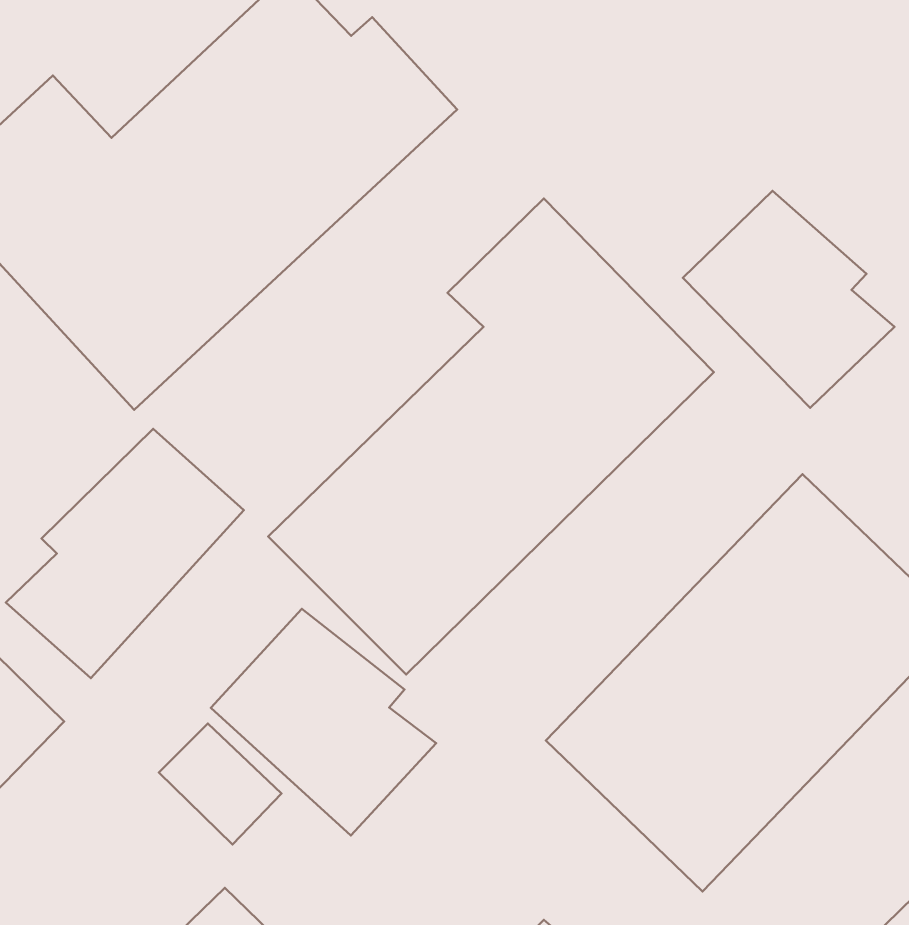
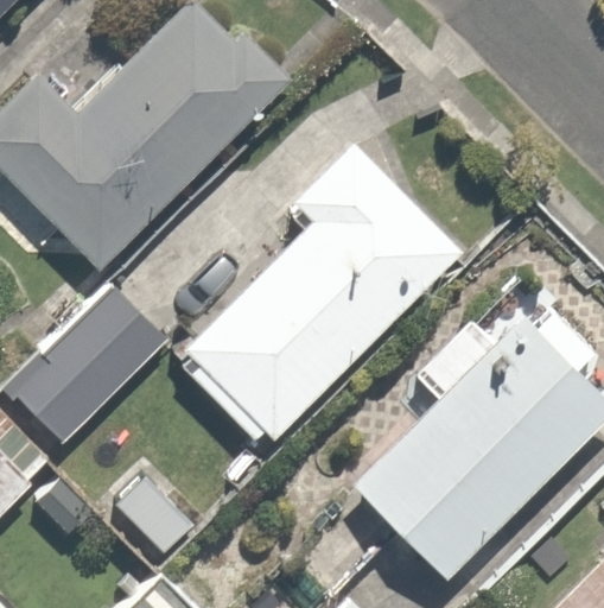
building: [683,191,895,408] -> none
building: [211,609,436,835] -> none

